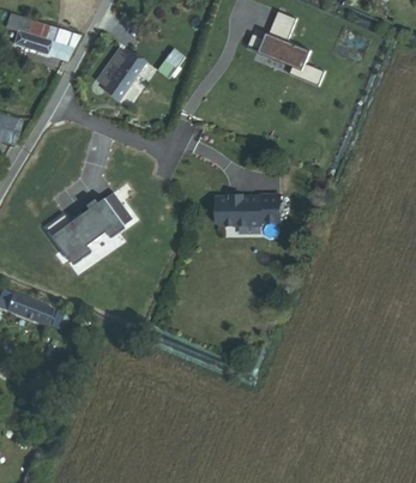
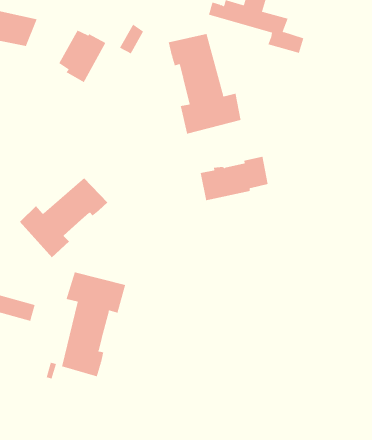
building: none -> [168,33,241,134]
building: none -> [61,271,126,377]

